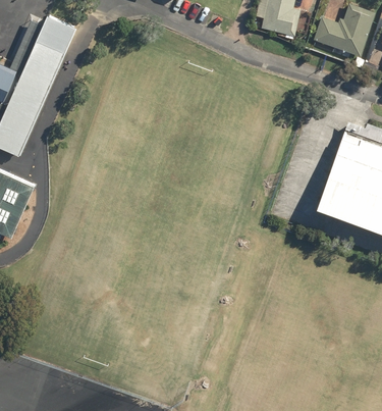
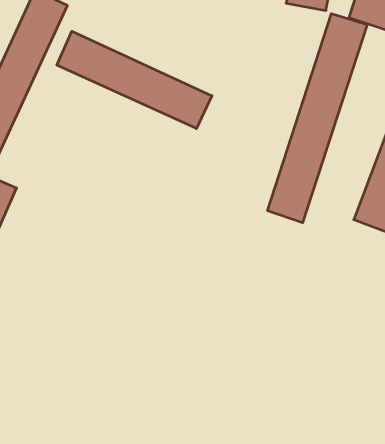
building: none -> [268,14,367,223]
building: none -> [57,31,212,129]

